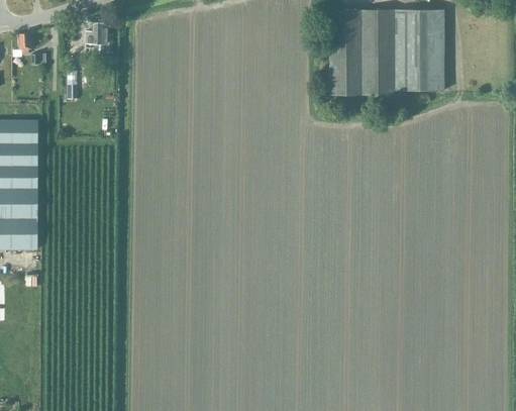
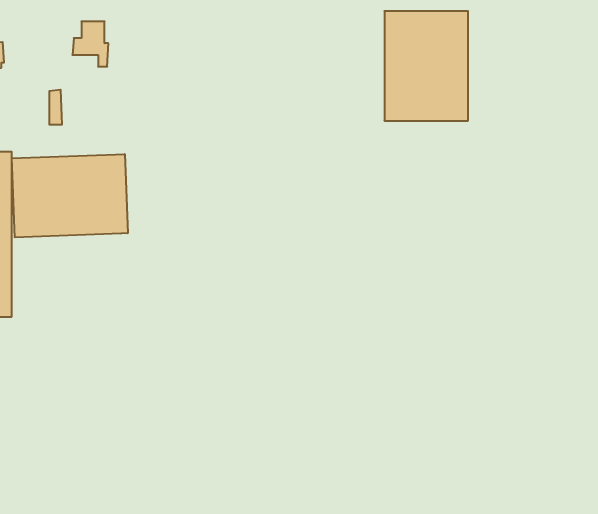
building: [395,10,443,91] -> none
building: none -> [12,154,128,237]

